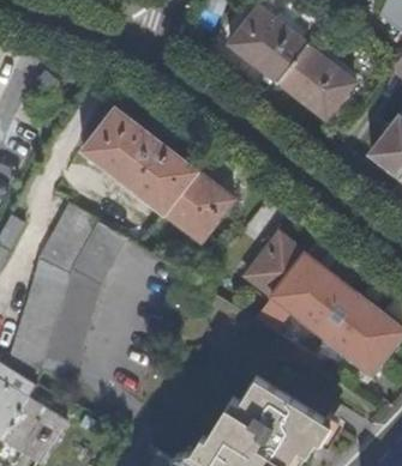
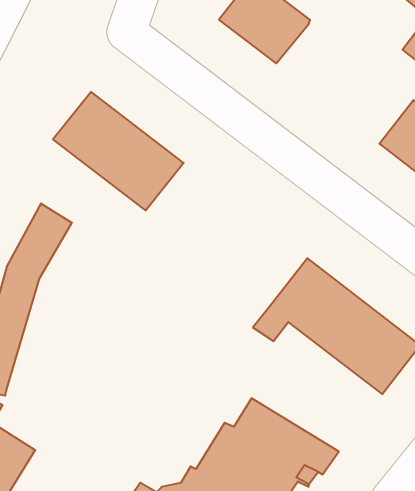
building: [278,48,353,119] -> none
building: [163,170,234,241] -> none
building: [41,223,127,380] -> none
building: [246,234,306,297] -> none

